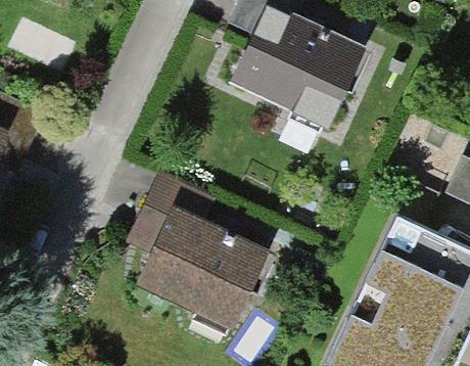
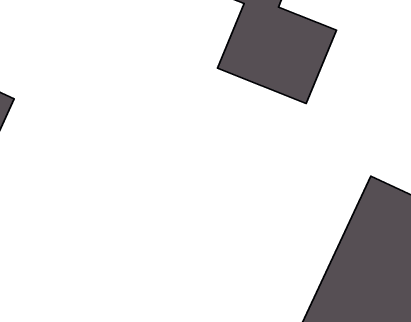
building: [136,170,267,333] -> none

